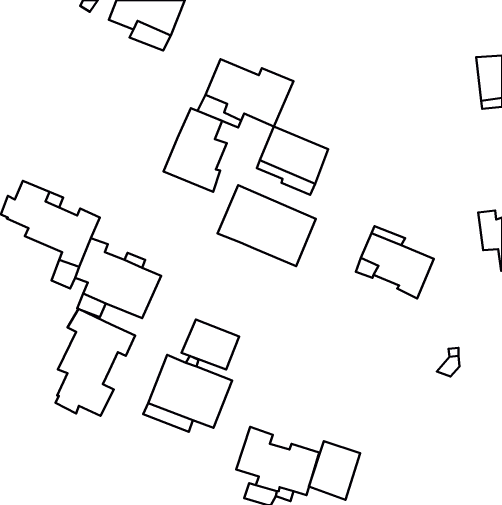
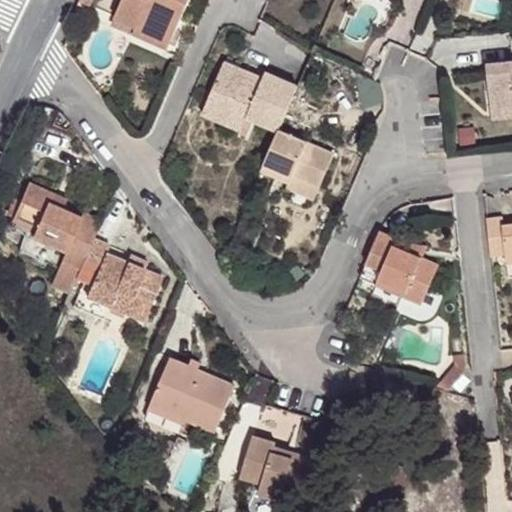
building: [164,108,227,192] -> none
building: [218,185,316,266] -> none
building: [55,309,135,416] -> none
building: [182,320,239,370] -> none
building: [309,441,360,500] -> none

